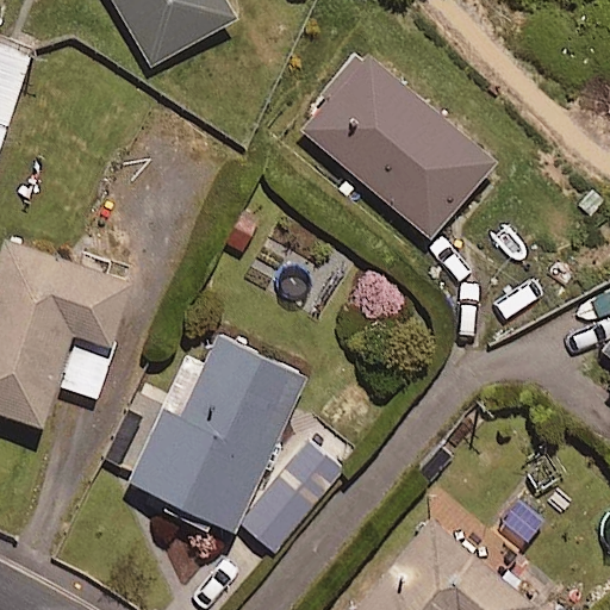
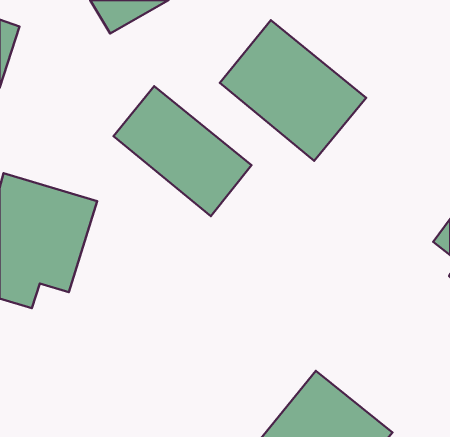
building: none -> [113,86,252,216]
building: [126,335,347,561] -> none

